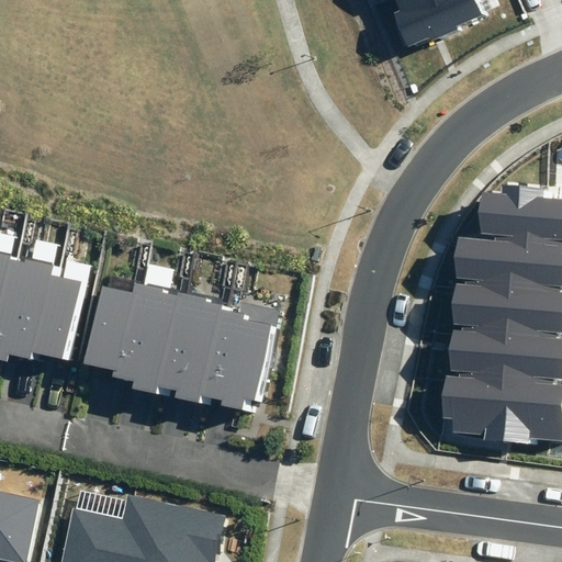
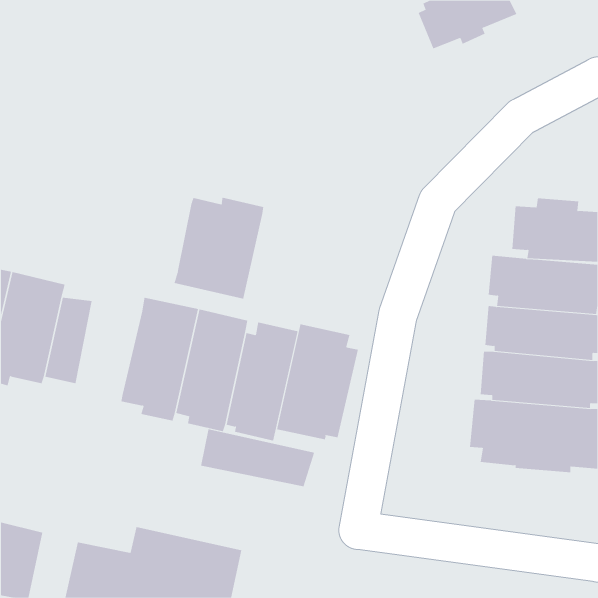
building: none -> [174,197,264,300]
building: [83,284,133,370] -> none
building: none -> [276,324,359,440]
building: none -> [201,428,315,487]

